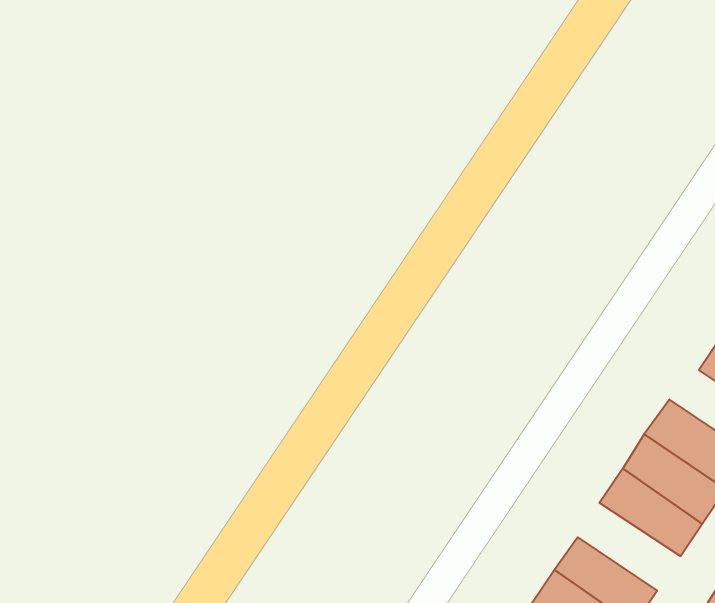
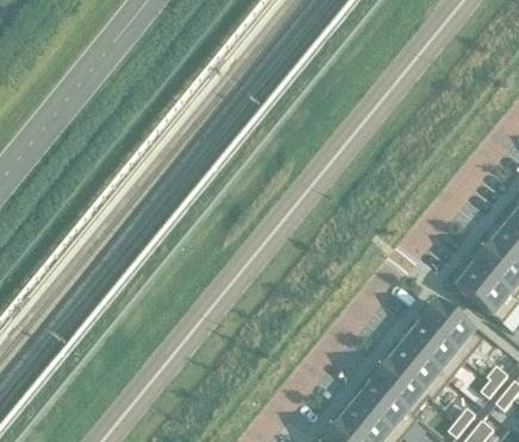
building: none -> [370,360,433,418]

